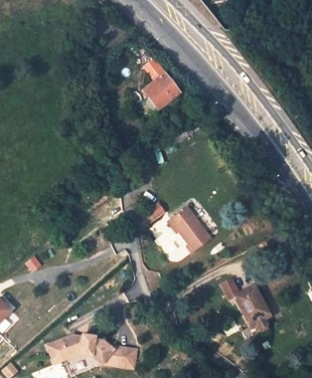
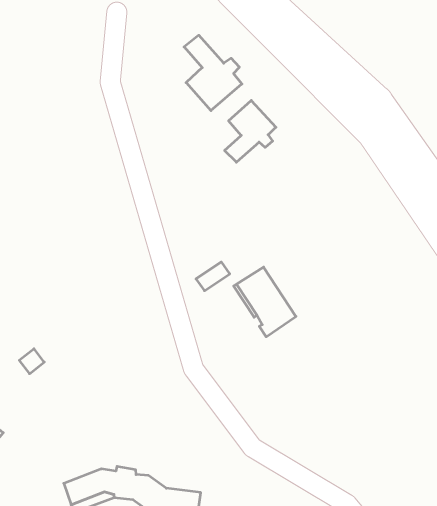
building: none -> [225,100,276,162]
building: [235,284,270,328] -> none

